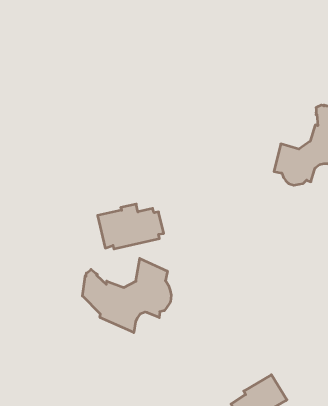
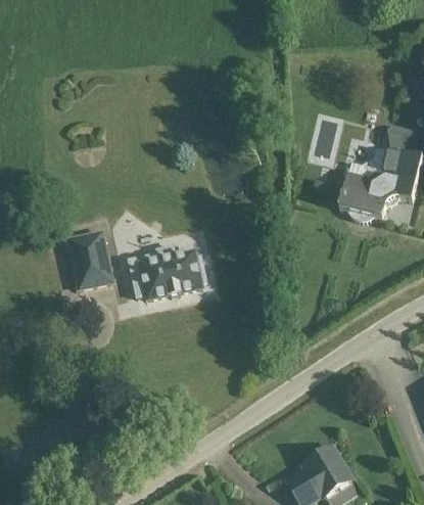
building: none -> [64,228,114,290]
building: [82,258,171,333] -> none

